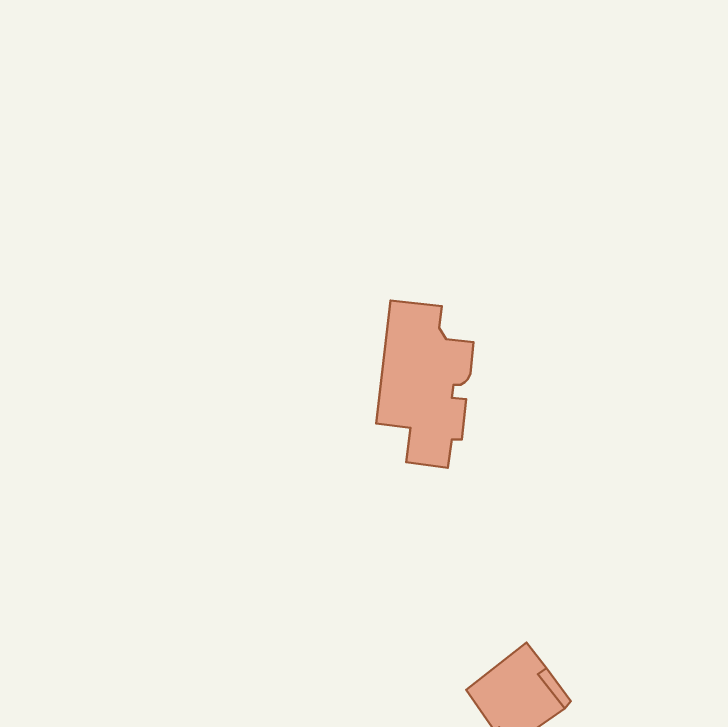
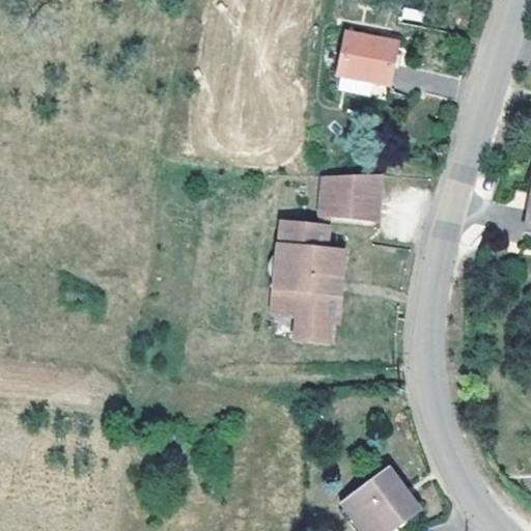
building: none -> [338,29,395,80]
building: none -> [322,173,381,219]

